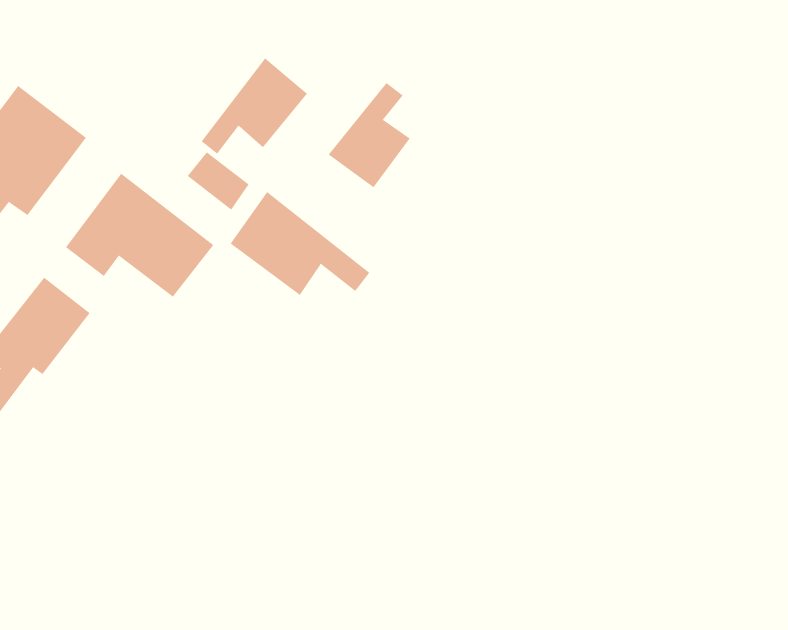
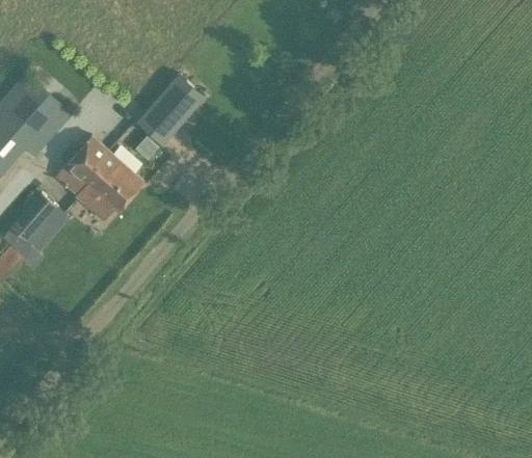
building: [328,82,411,188] -> none
building: [230,191,370,296] -> none

